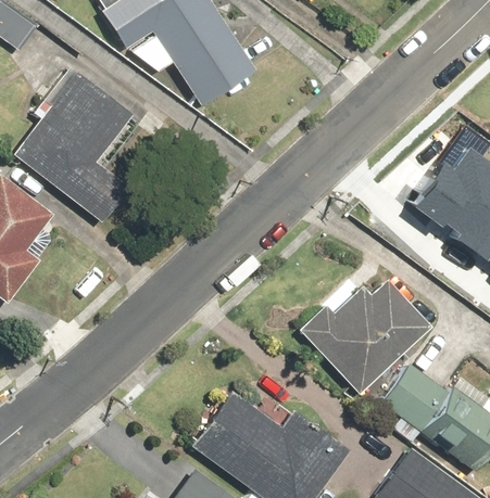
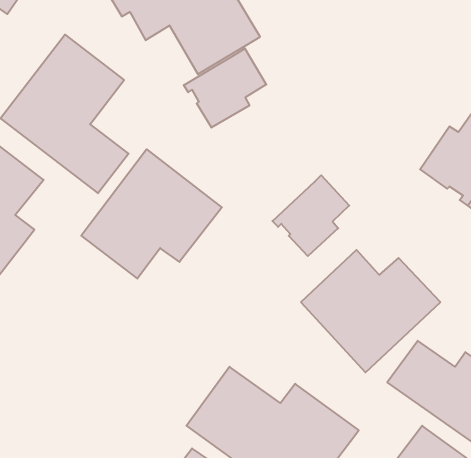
building: none -> [184,48,266,128]
building: none -> [81,149,222,279]
building: none -> [272,175,349,256]

